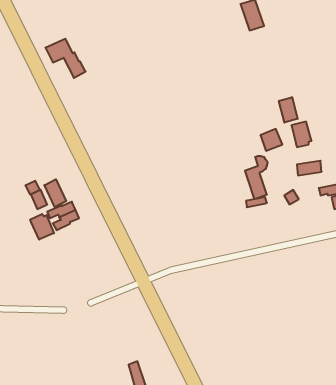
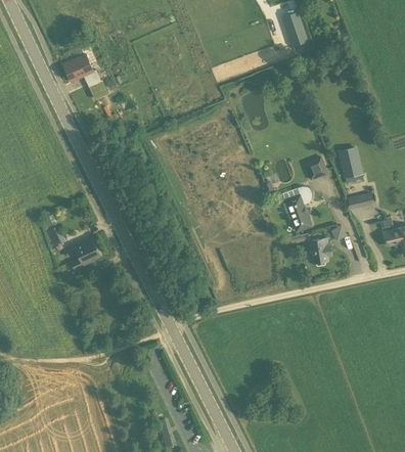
building: [279,97,298,123] -> none
building: [44,179,66,207] -> none
building: none -> [309,238,331,265]
building: [30,214,54,240] -> none

